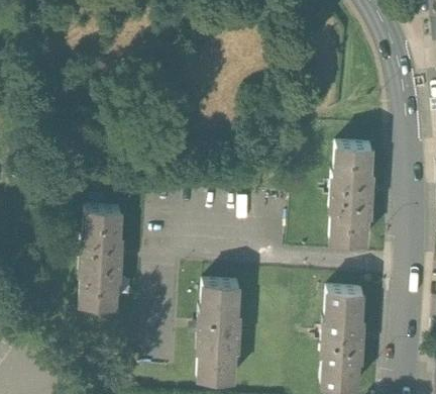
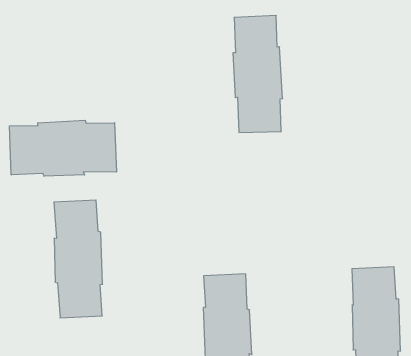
building: none -> [9,120,116,176]
building: [330,142,371,241] -> [233,16,283,132]

